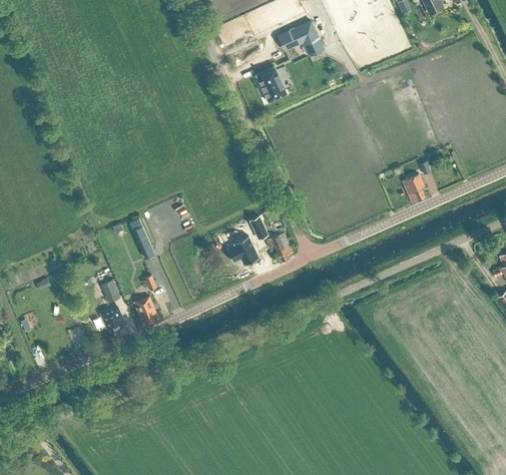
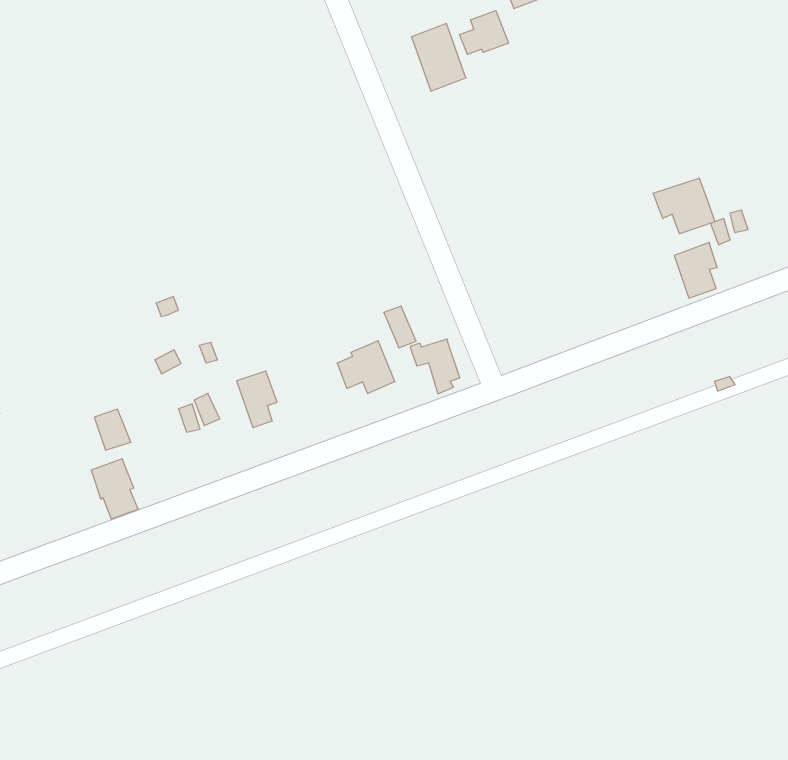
building: none -> [459,11,508,54]
building: none -> [653,178,715,234]
building: [134,295,156,325] -> [237,371,277,427]

